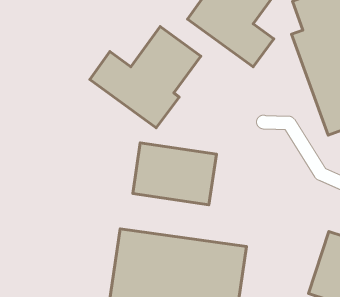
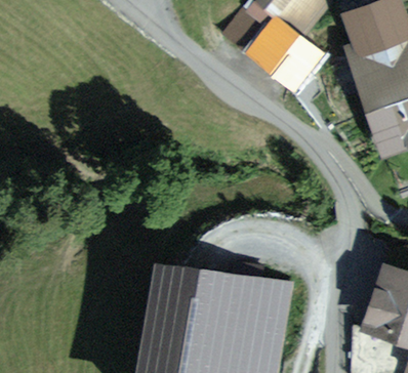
building: [90,26,201,128] -> none
building: [133,143,216,205] -> none

